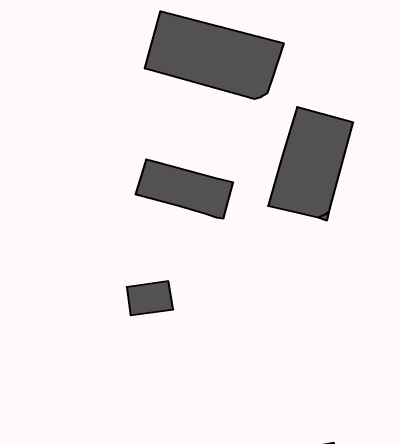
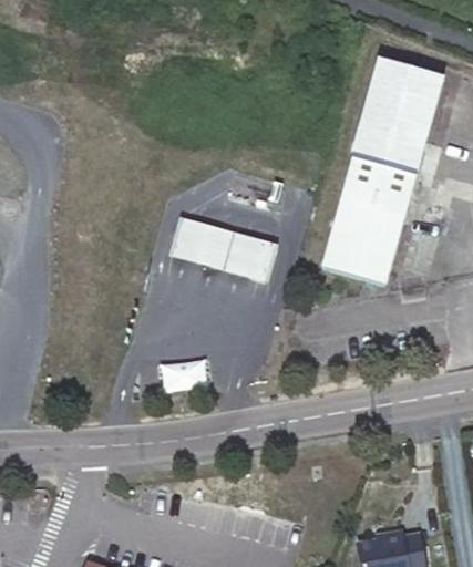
building: [145,11,284,99] -> none
building: none -> [352,51,444,174]

